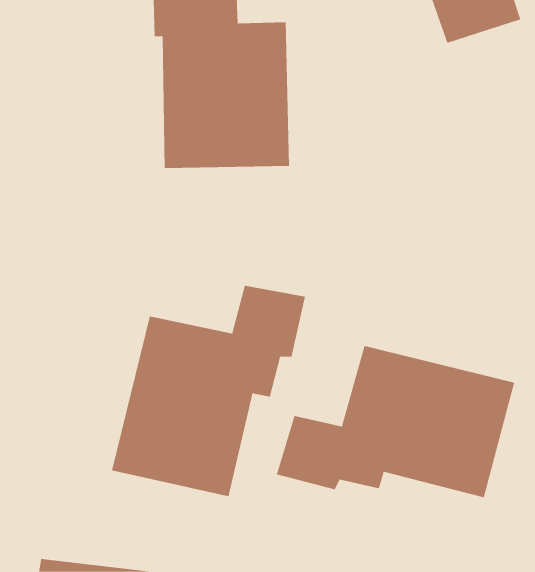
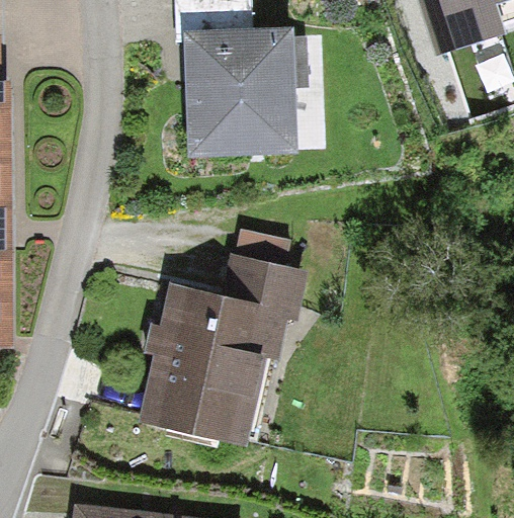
building: [276,345,515,498] -> none

